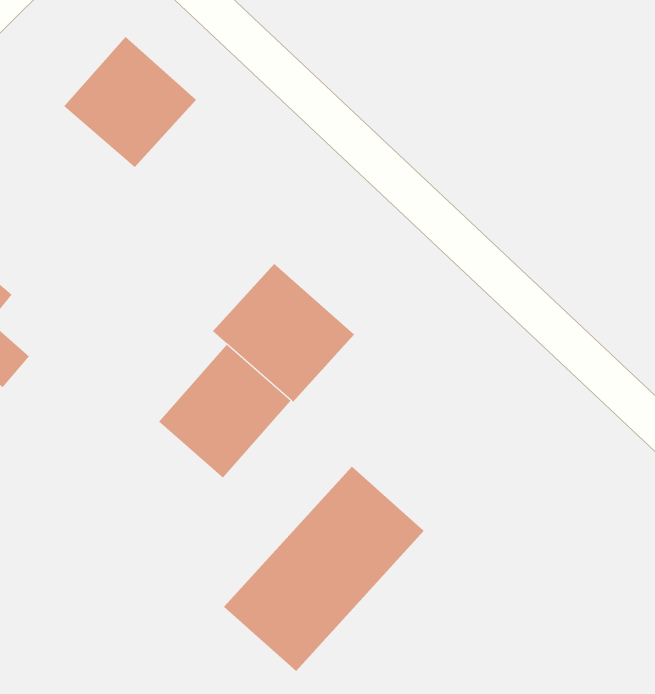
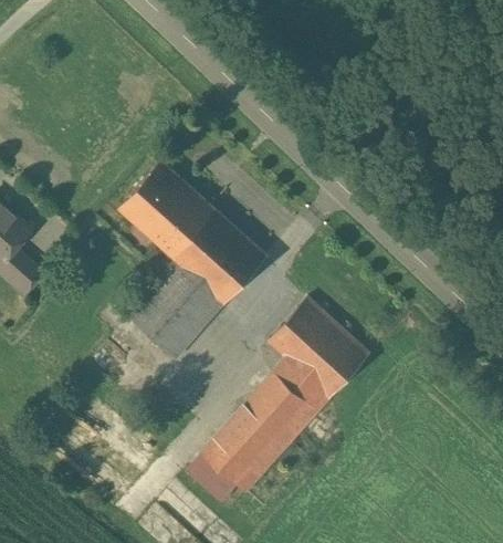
building: [64,36,197,168] -> [127,170,220,262]
building: none -> [260,296,366,401]

